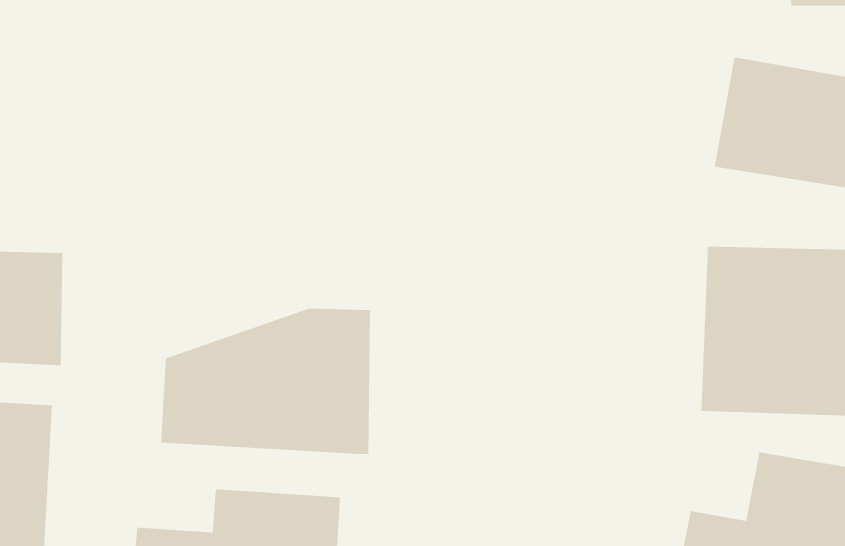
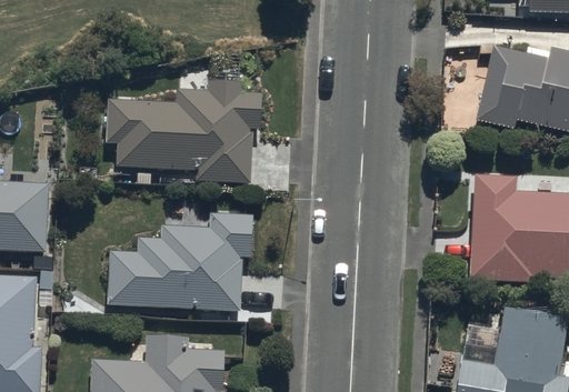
building: none -> [104,97,258,184]

